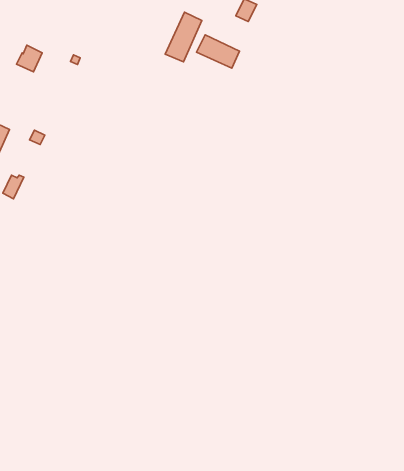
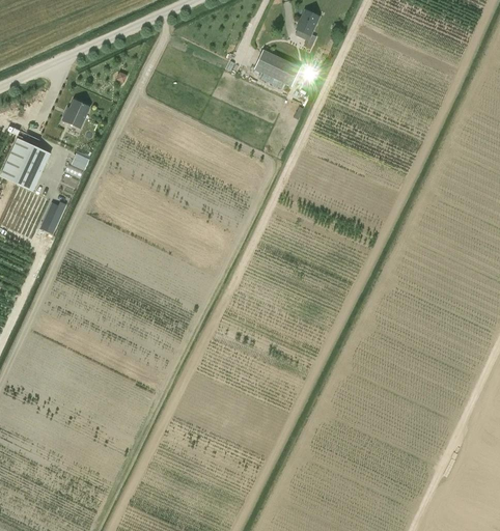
building: [165,12,202,62] -> none
building: [16,45,42,72] -> [60,99,88,128]

